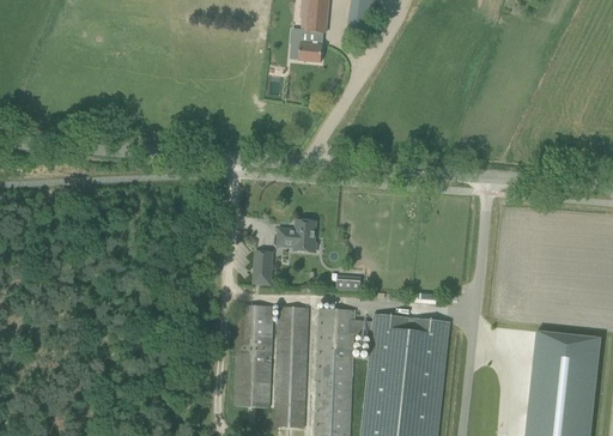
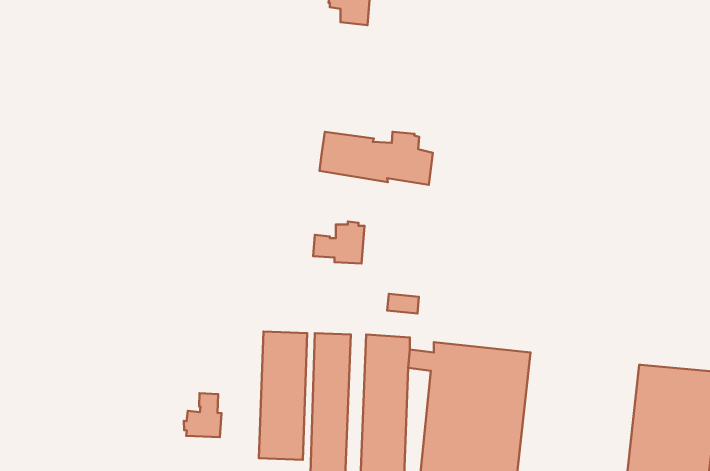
building: none -> [319,132,433,185]
building: [253,252,273,284] -> none
building: none -> [184,393,221,437]

